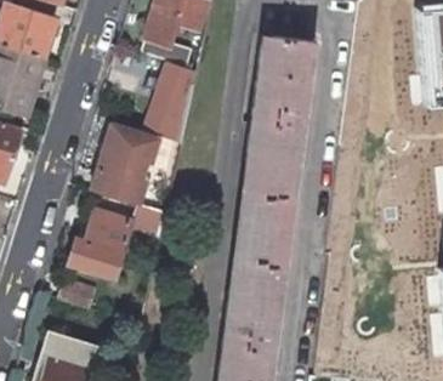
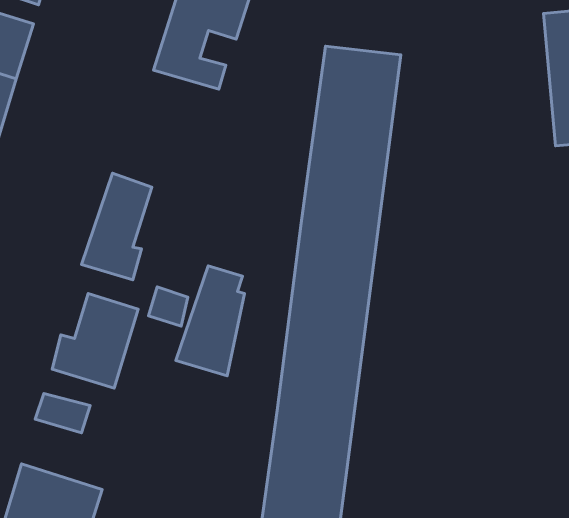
building: [144,63,193,141] -> [176,266,244,376]

